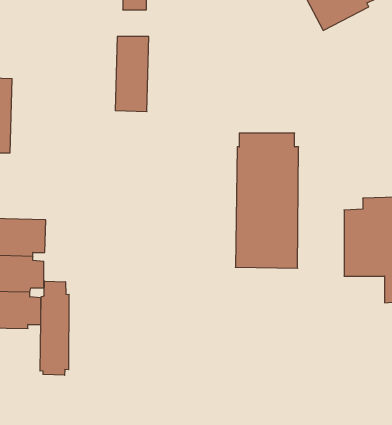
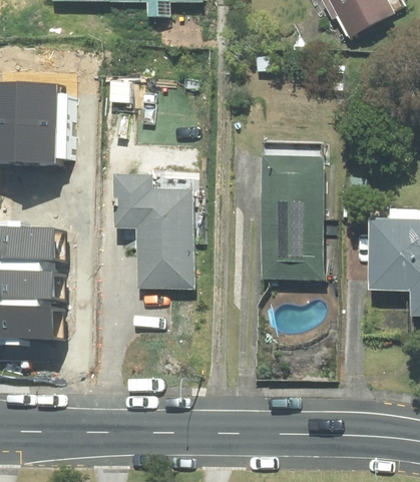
building: [115,37,149,112] -> [30,87,64,163]
building: none -> [113,175,191,287]
building: [40,281,69,375] -> none

